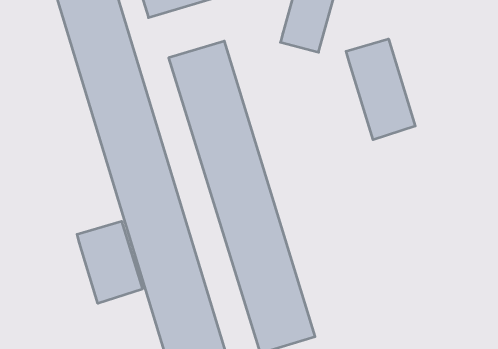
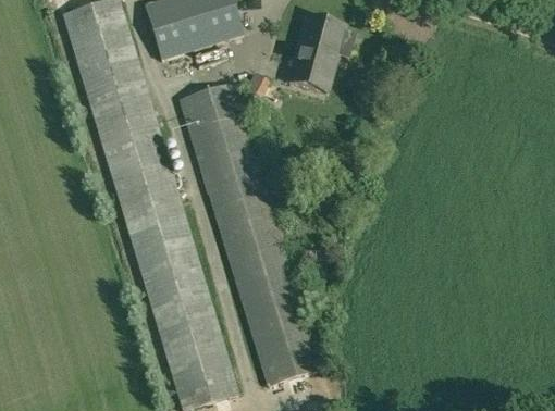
building: [346,39,415,140] -> none
building: [77,221,142,303] -> none

